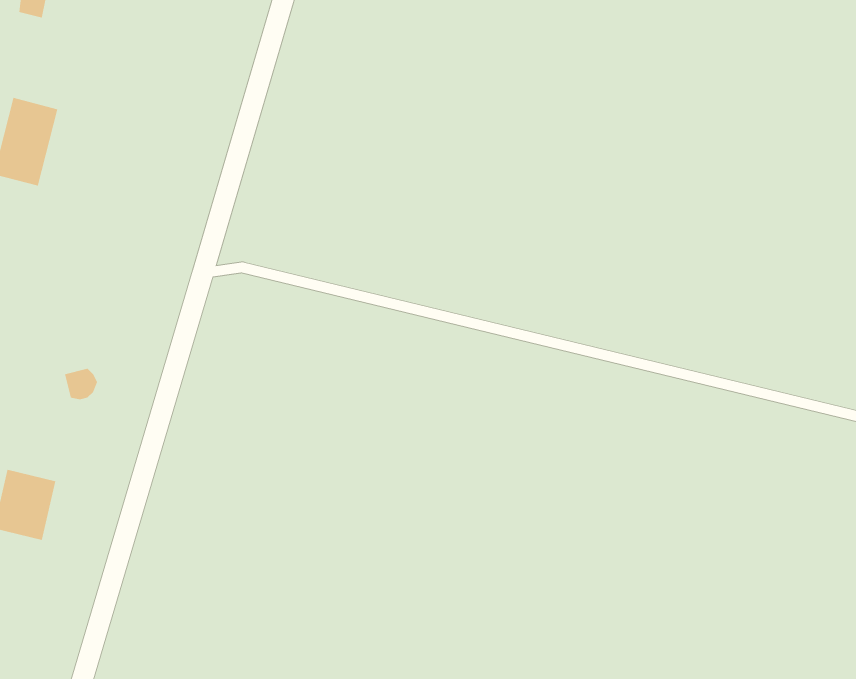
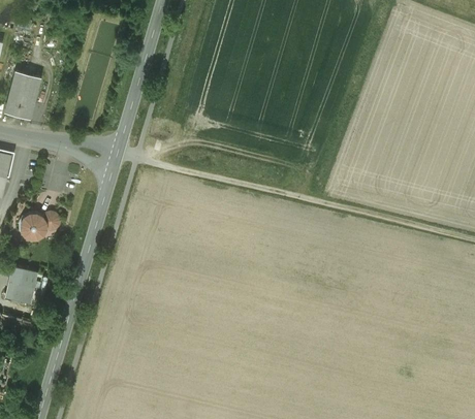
building: none -> [21,214,45,239]

